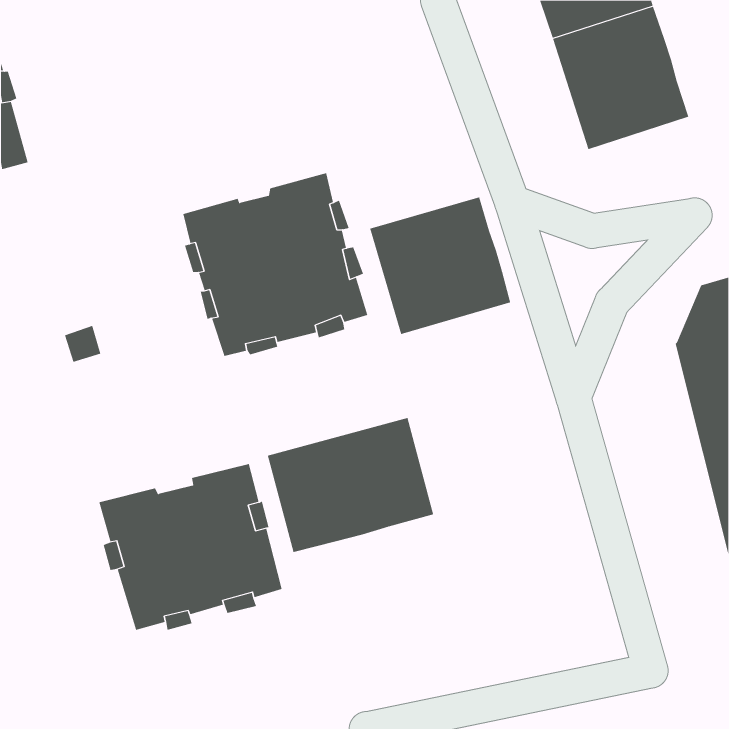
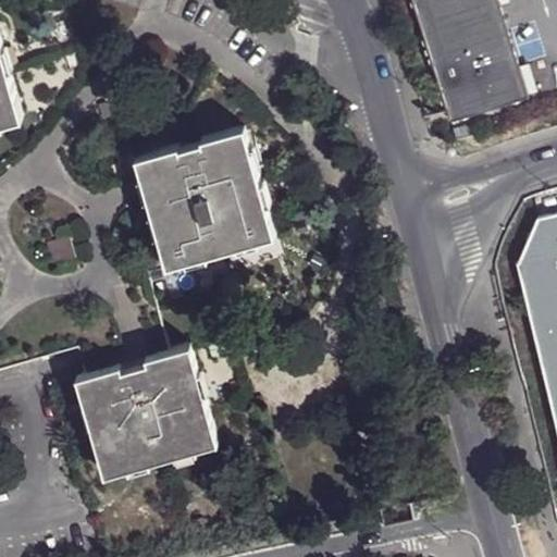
building: [370,196,511,335] -> none
building: [267,417,434,553] -> none

